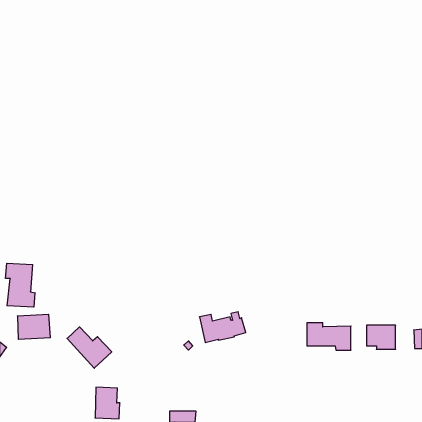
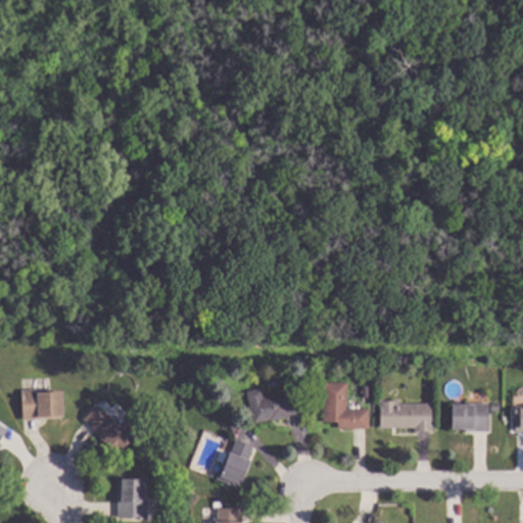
building: [6,263,35,307] -> none
building: none -> [323,381,369,427]
building: none -> [217,439,253,487]

